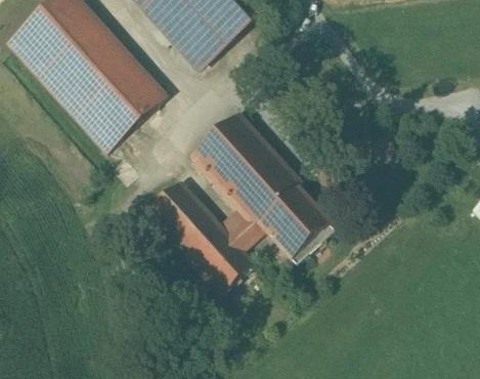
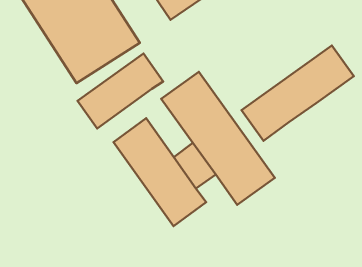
building: none -> [241,46,354,141]
building: none -> [78,54,163,128]

